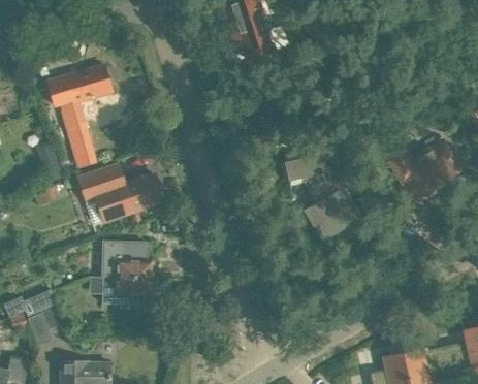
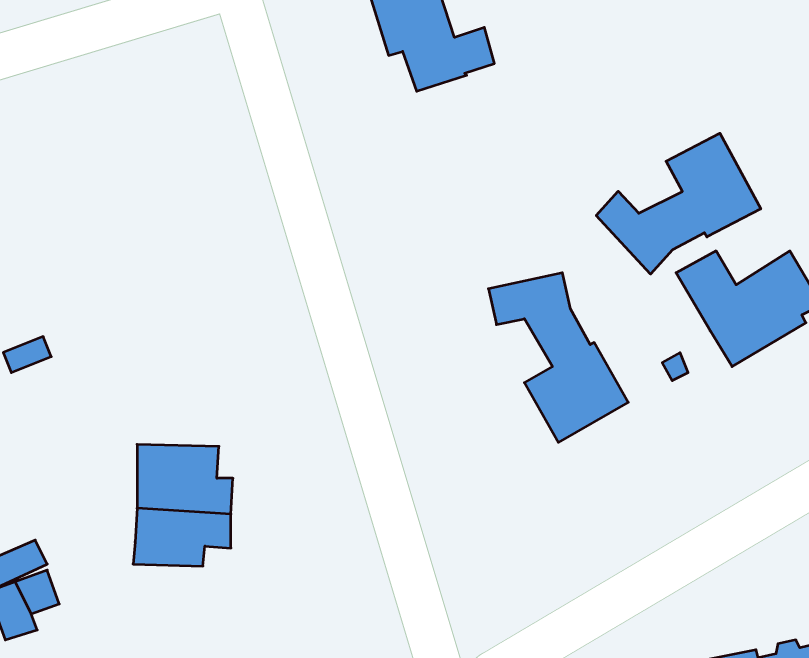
building: [45,65,110,167] -> none
building: none -> [596,133,761,274]
building: [78,164,163,221] -> none

